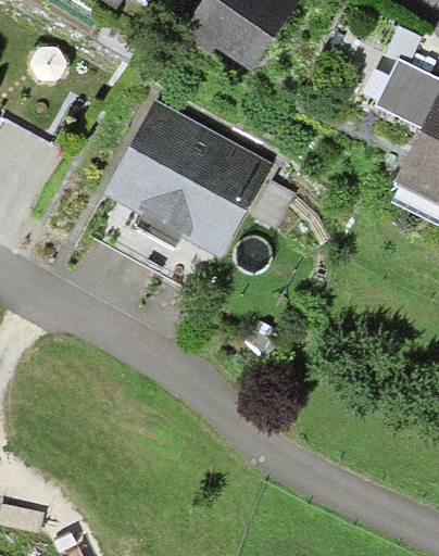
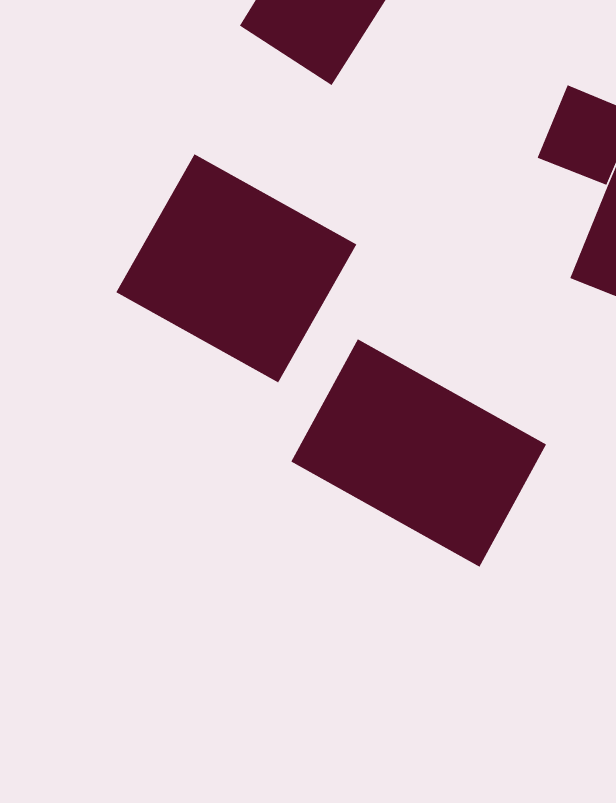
building: none -> [290,338,547,568]

